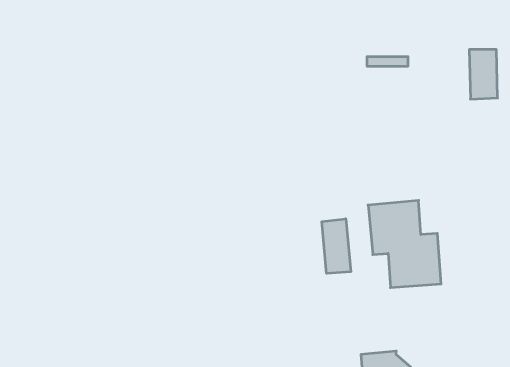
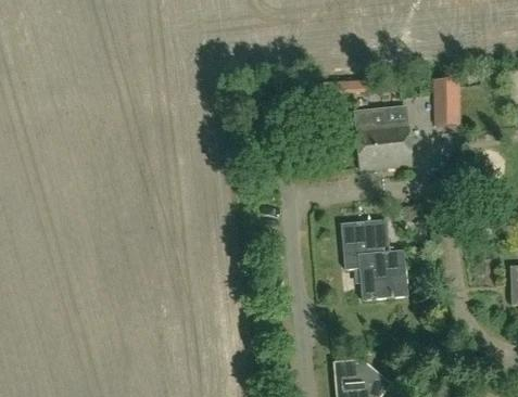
building: none -> [354,105,412,168]
building: [322,219,351,273] -> none

